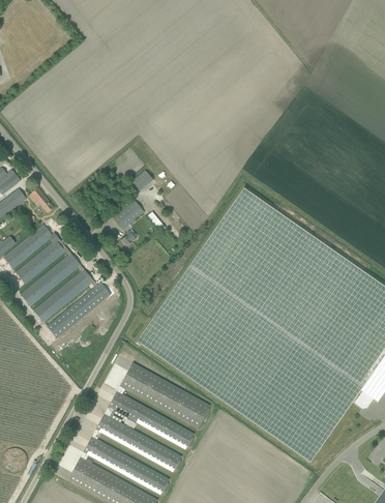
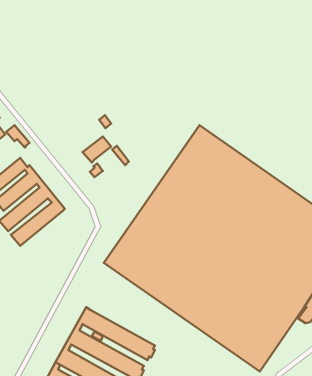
building: [48,280,108,337] -> none
building: [118,362,211,430] -> none

